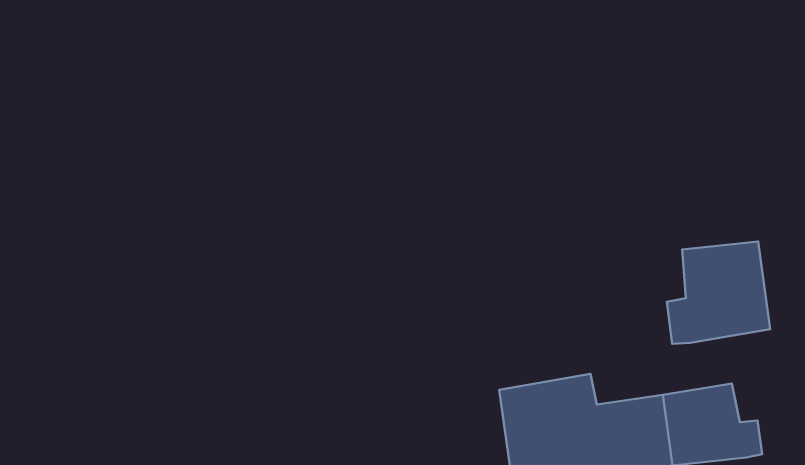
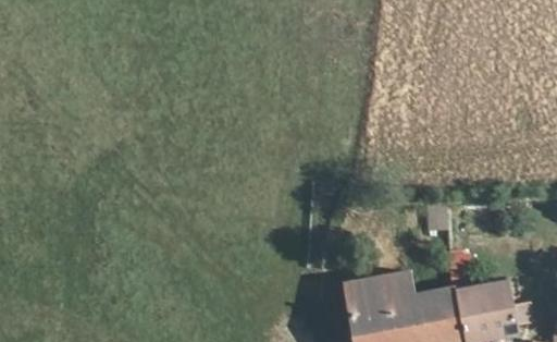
building: [667,241,770,344] -> none

